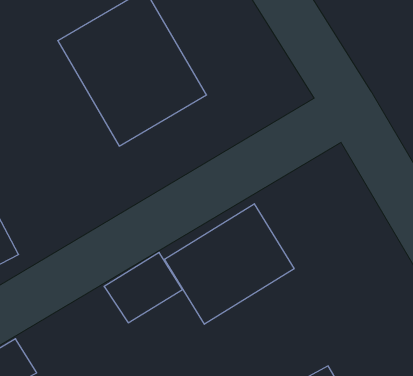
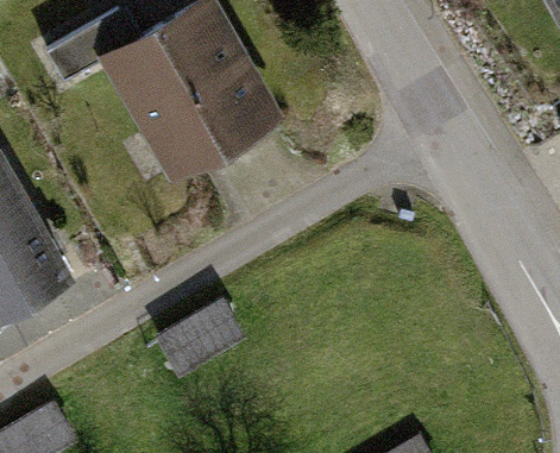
building: [165,204,294,324] -> none

